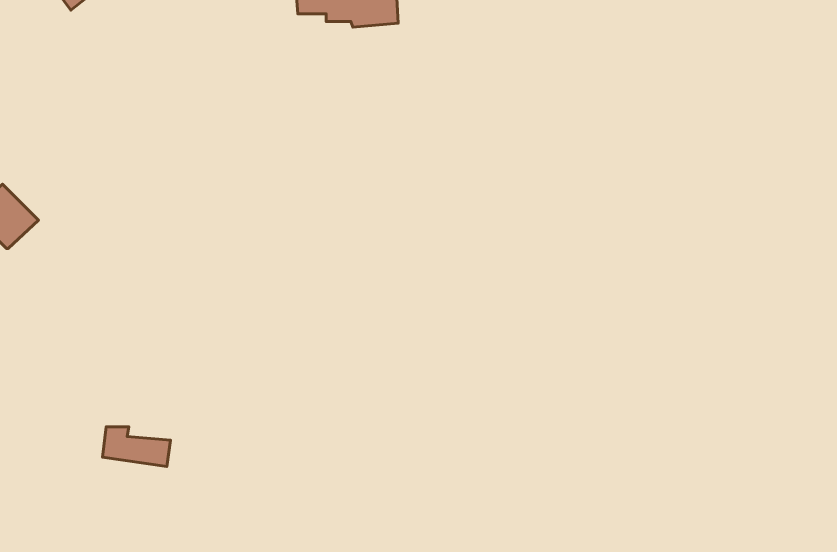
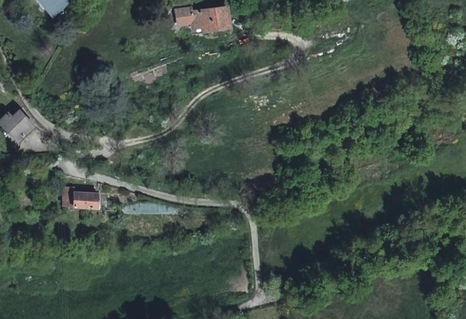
building: [102,427,171,467] -> [62,189,98,210]

